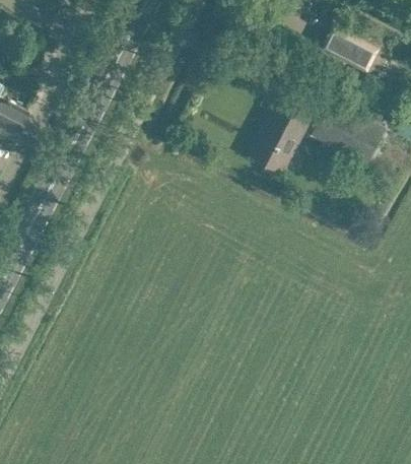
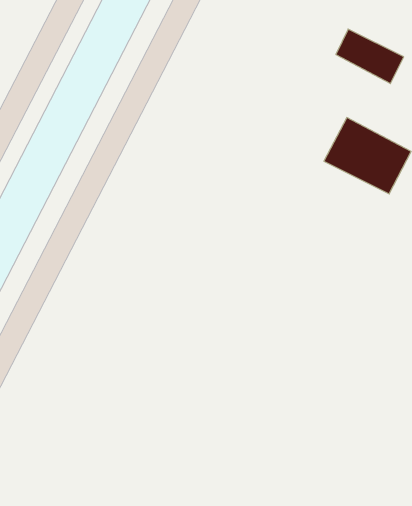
building: [251,105,309,171] -> none

